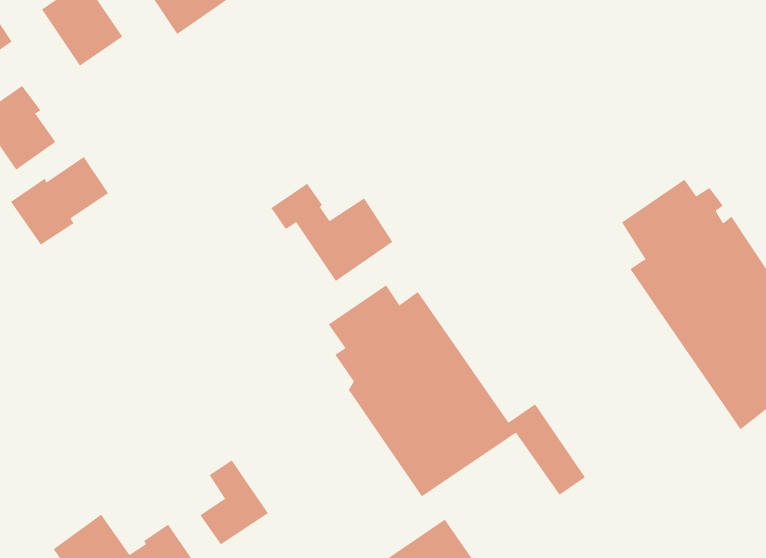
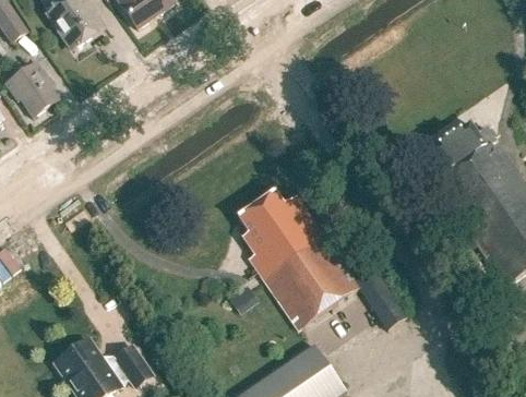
building: [10,156,109,246] -> none
building: [270,183,393,282] -> none
building: [199,459,269,545] -> none

